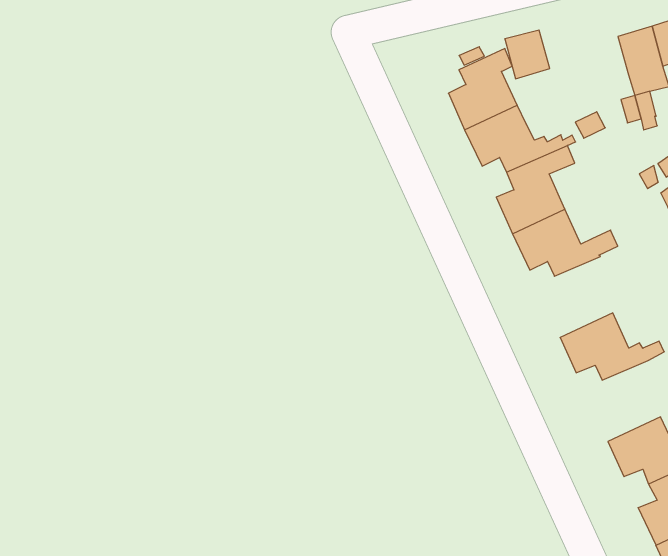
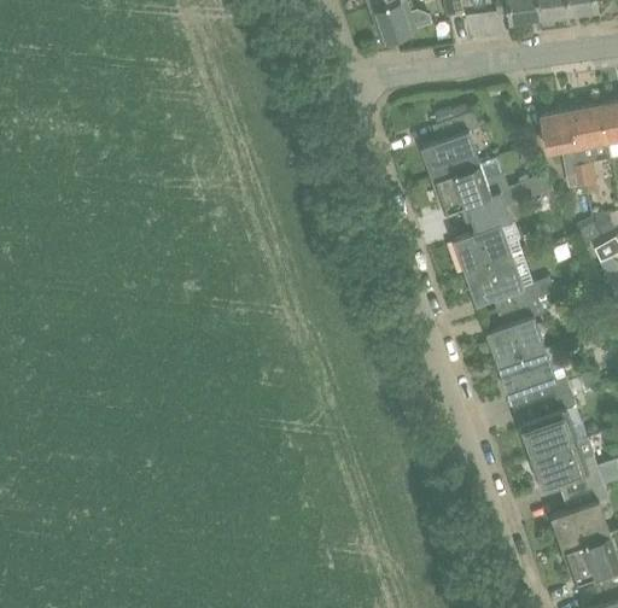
building: [505,30,550,79] -> [541,112,577,152]
building: none -> [486,299,544,366]
building: none -> [518,392,577,458]

